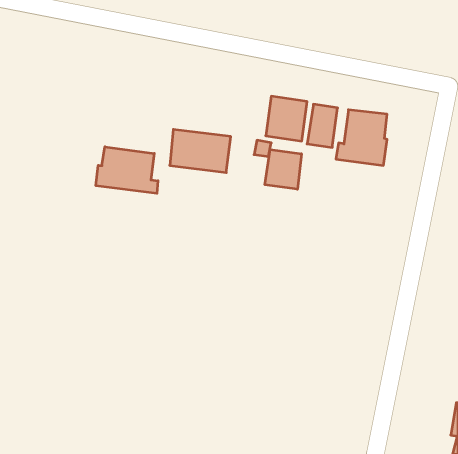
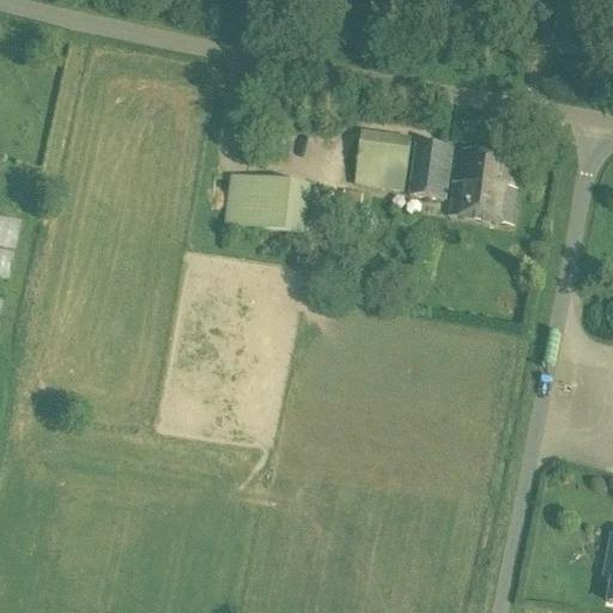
building: [96,147,158,193] -> none
building: [265,150,301,189] -> none

